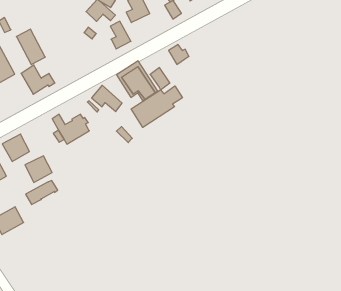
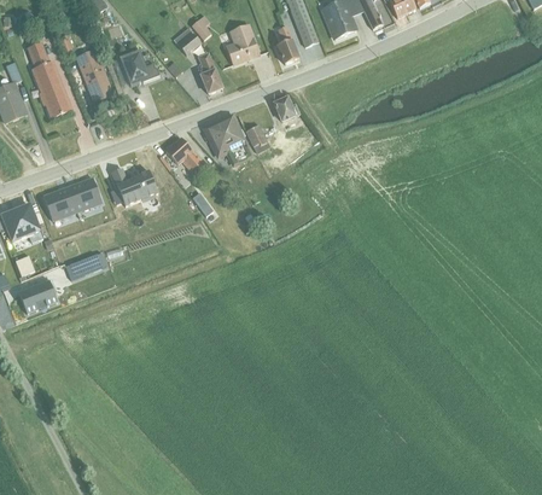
building: [21,65,55,94] -> [122,48,164,86]
building: [131,86,182,127] -> none
building: [25,156,52,182] -> [68,179,101,211]

